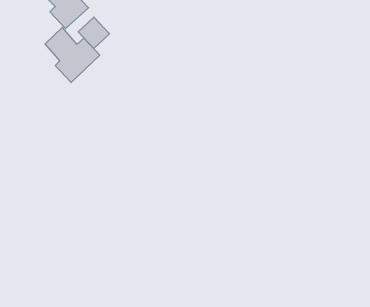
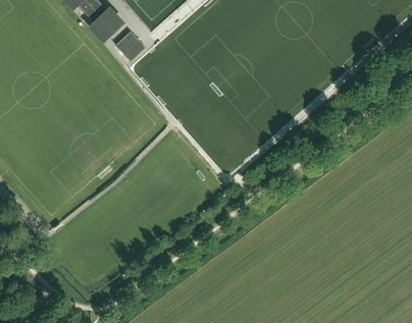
building: [45,27,100,83] -> none

